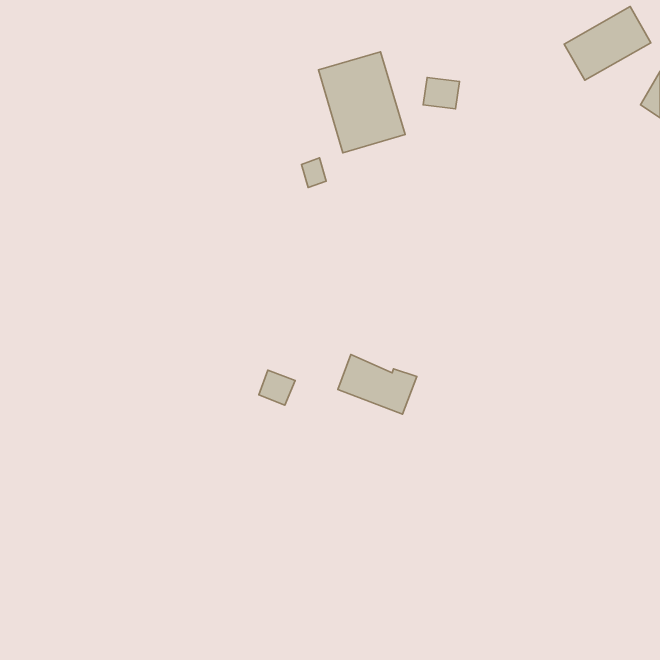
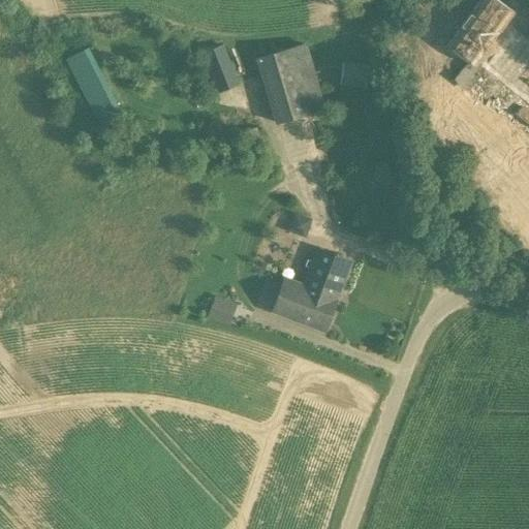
building: none -> [203,44,237,91]
building: none -> [67,45,119,117]
building: none -> [280,247,348,301]

